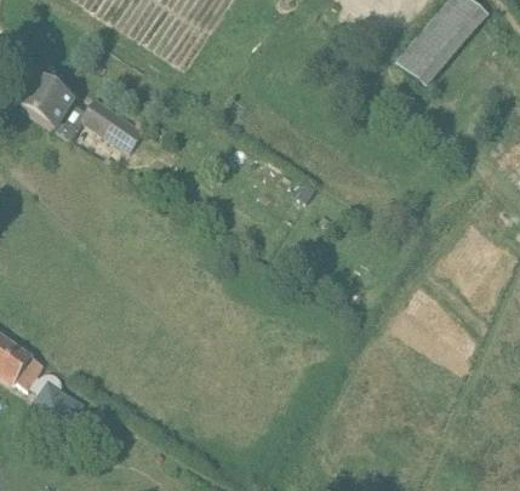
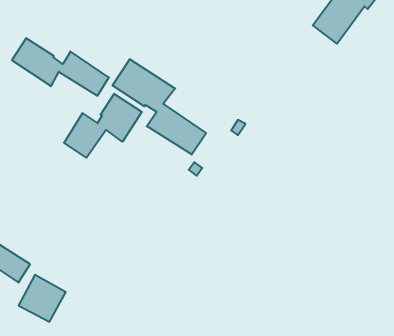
building: none -> [113,59,206,155]
building: none -> [64,94,142,158]

